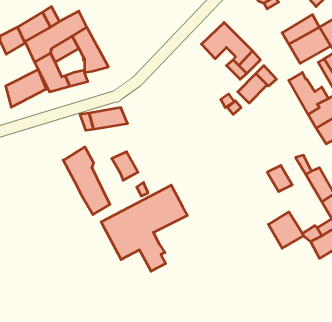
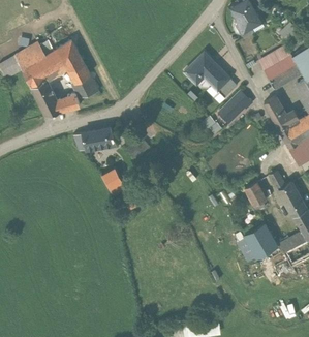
building: [6,70,46,107] -> none
building: [63,147,110,215] -> none
building: [101,185,187,271] -> none

